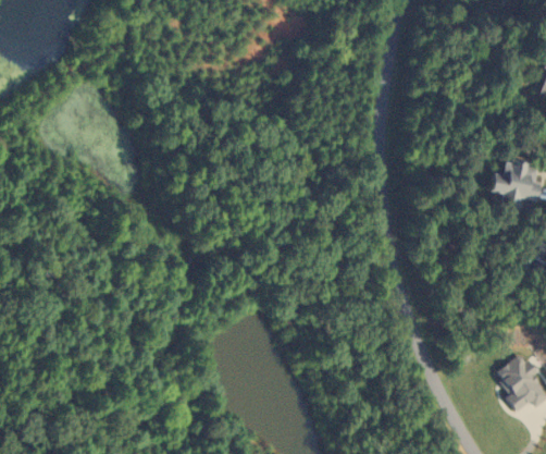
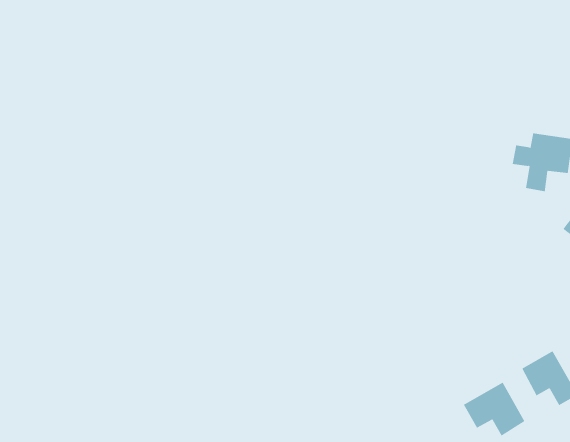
building: none -> [463,382,525,436]

